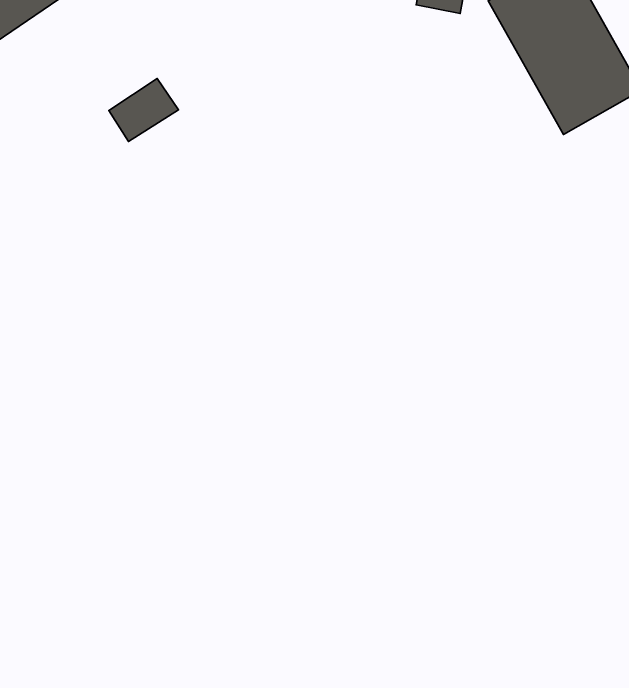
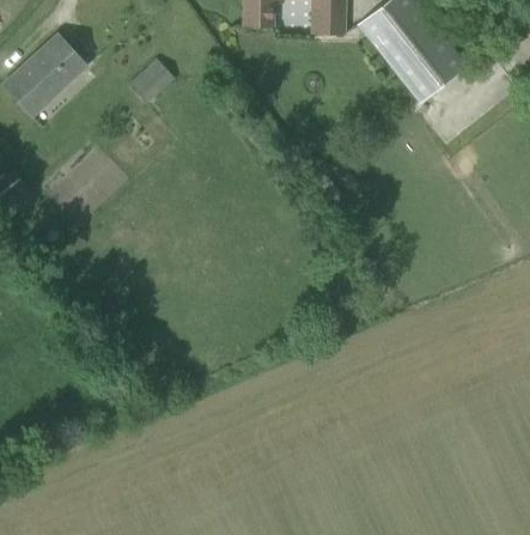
building: [109,78,178,142] -> [132,60,176,103]

